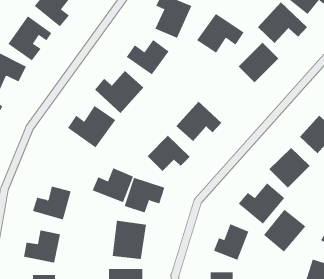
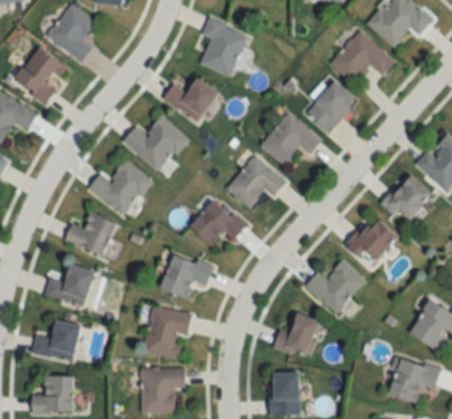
building: [196,13,244,53] -> [261,114,322,165]
building: [92,168,134,203] -> [63,212,117,256]
building: [263,209,306,253] -> none

